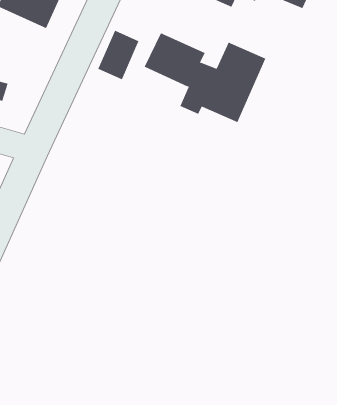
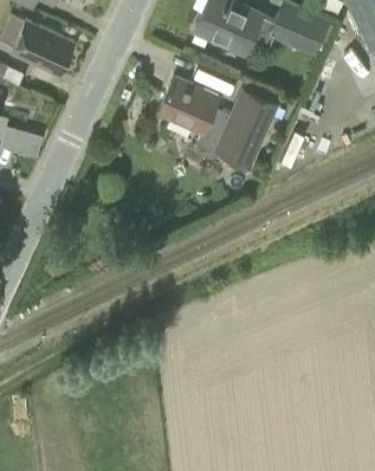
building: [98,30,139,80] -> none

